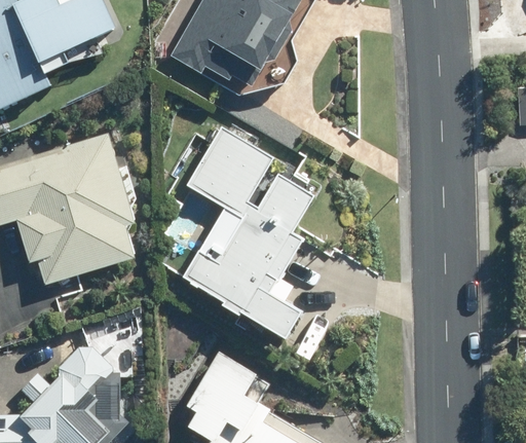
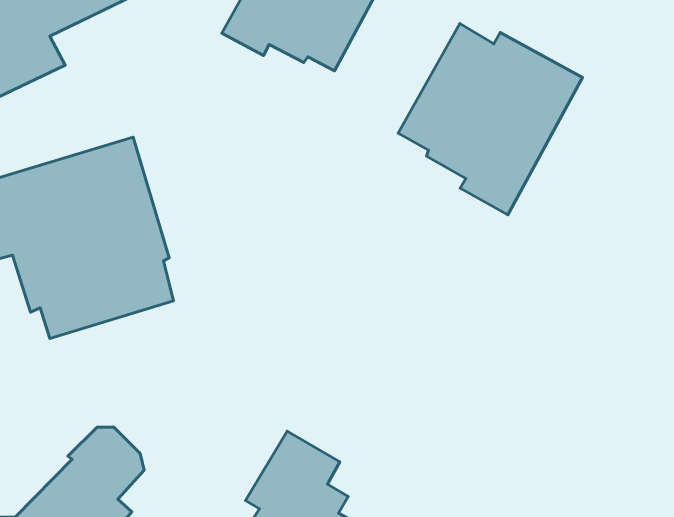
building: none -> [398,24,582,215]
building: [183,132,317,335] -> none

